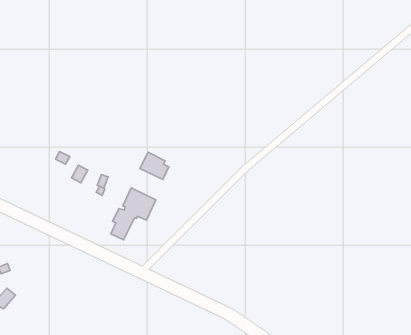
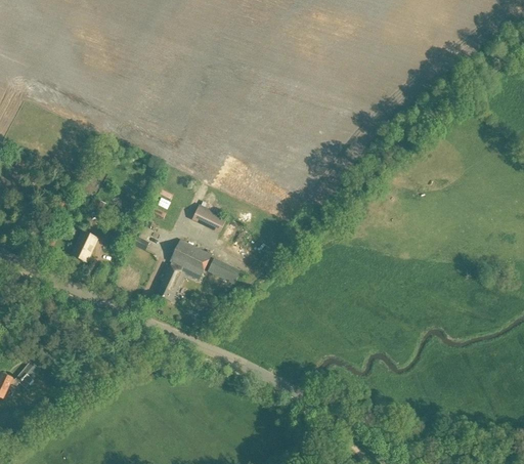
building: none -> [70,230,98,262]
building: none -> [206,257,238,284]

